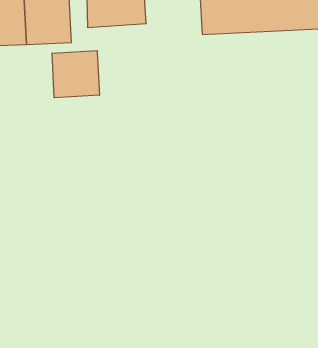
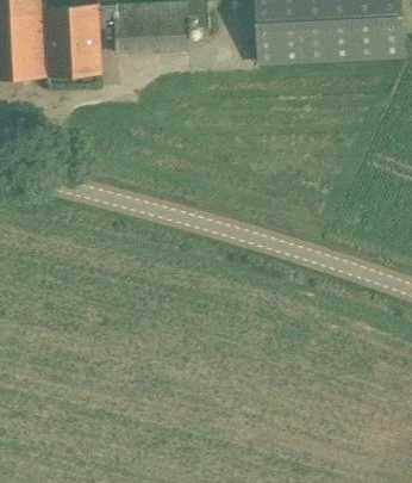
building: [52,51,99,98] -> none

